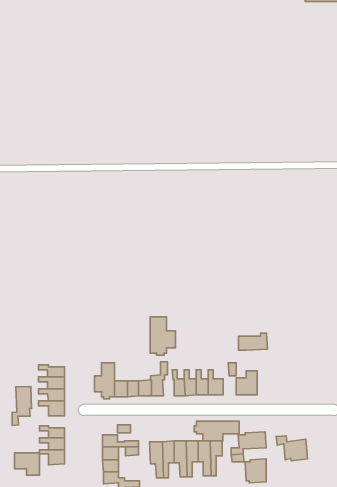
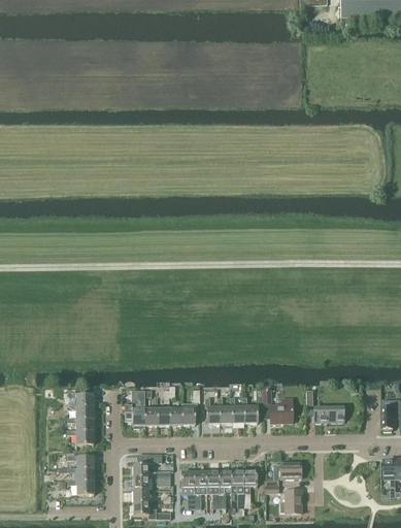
building: [150,317,175,355] -> none
building: [239,333,268,350] -> [314,403,344,421]
building: [12,387,31,426] -> none
building: [194,421,239,441] -> none
building: [276,436,308,461] -> none
building: [14,453,40,475] -> none

